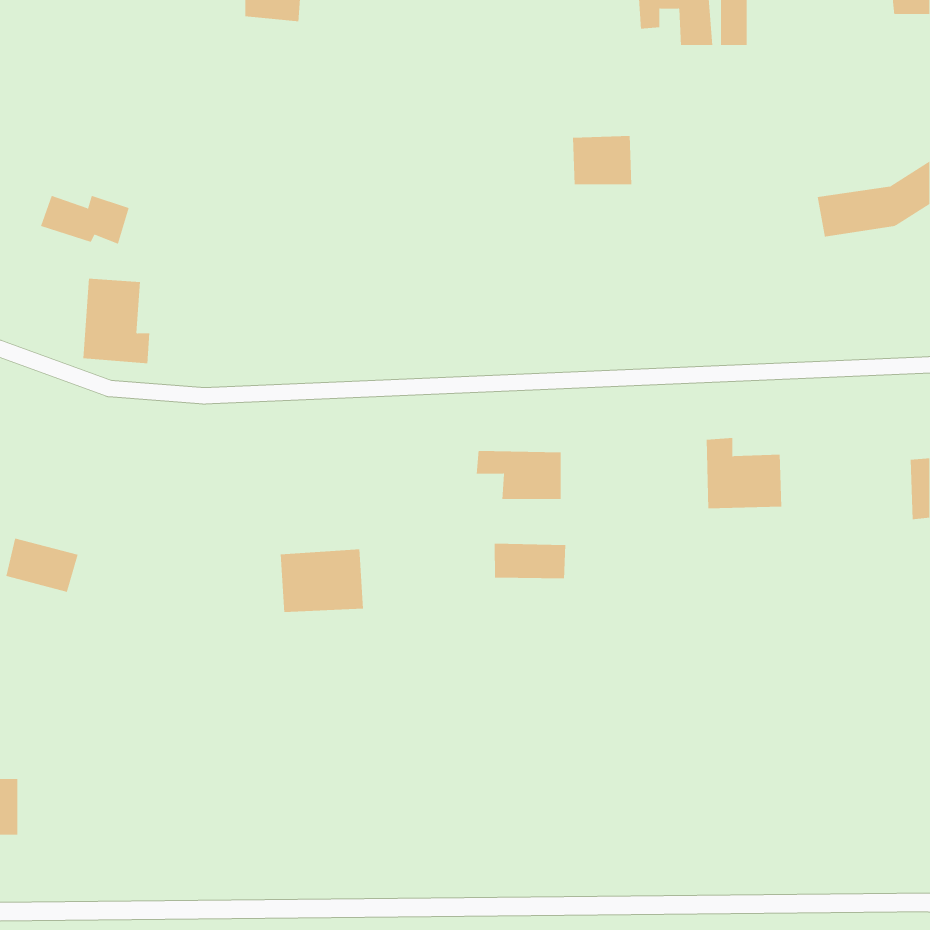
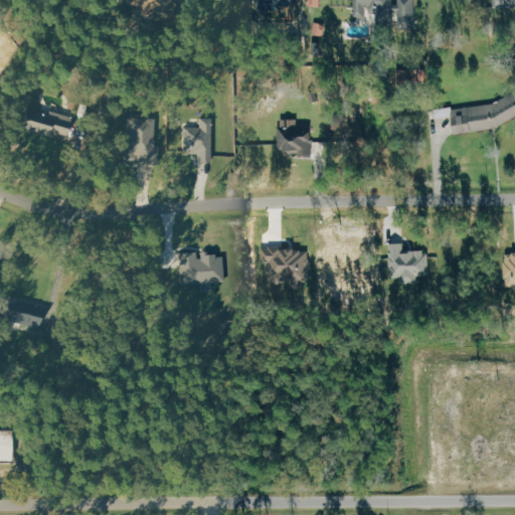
building: [572,136,632,185] -> [278,124,311,151]
building: none -> [184,120,210,160]
building: [83,278,150,364] -> [124,117,161,164]
building: [494,543,566,579] -> none
building: [280,549,364,613] -> [180,250,226,286]

